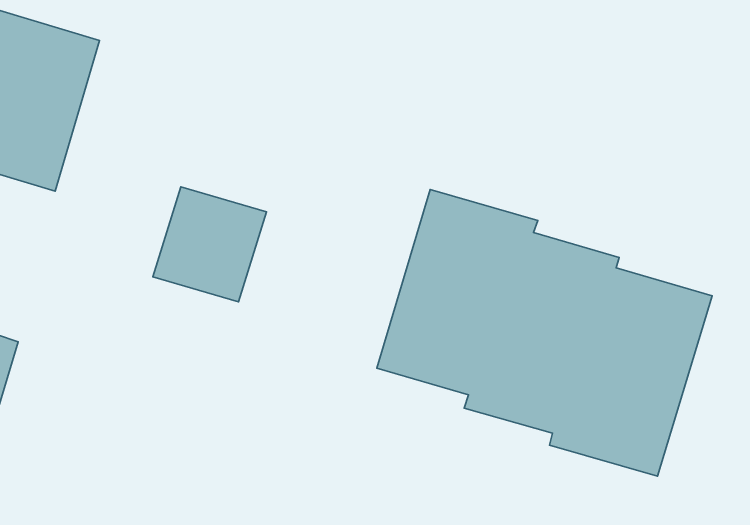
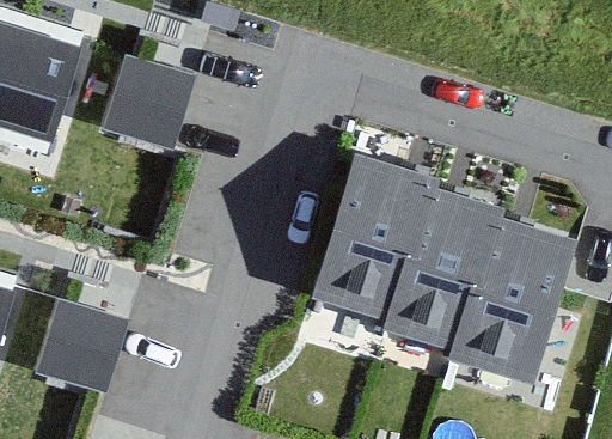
building: [153,187,266,302] -> [102,54,194,147]
building: none -> [36,297,128,391]

